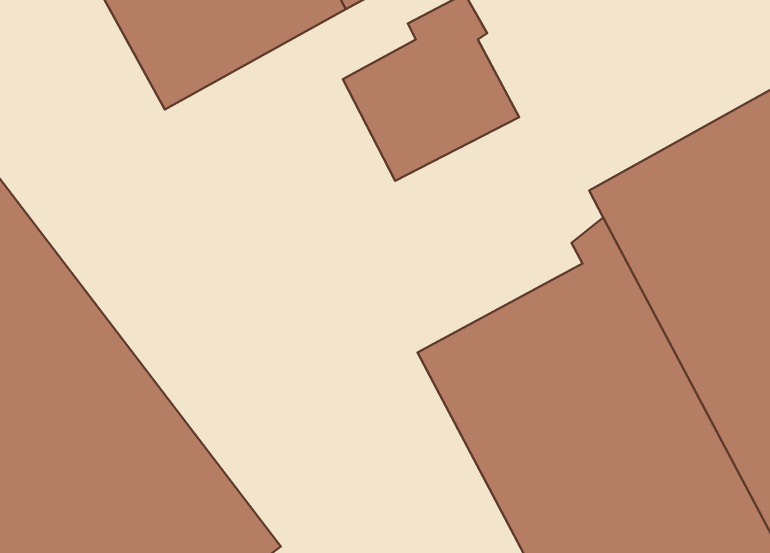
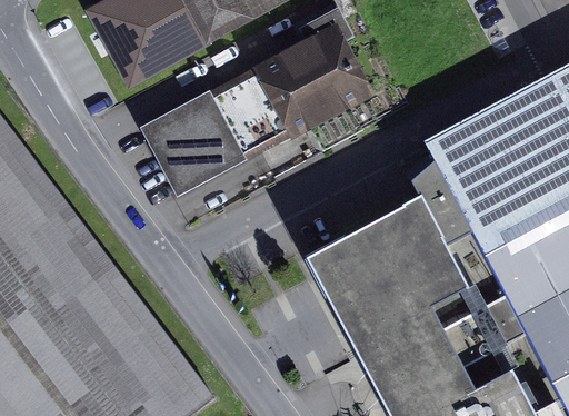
building: none -> [141,67,290,191]

